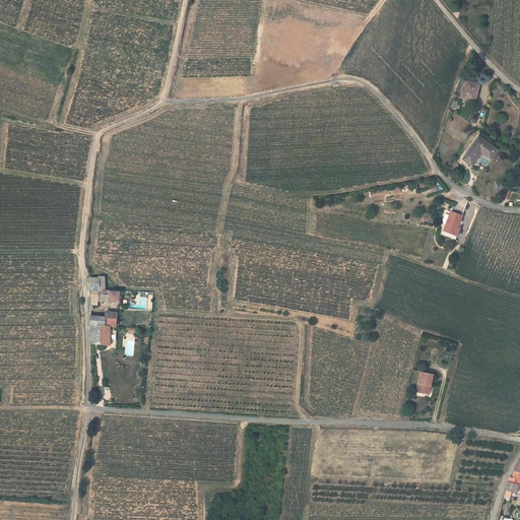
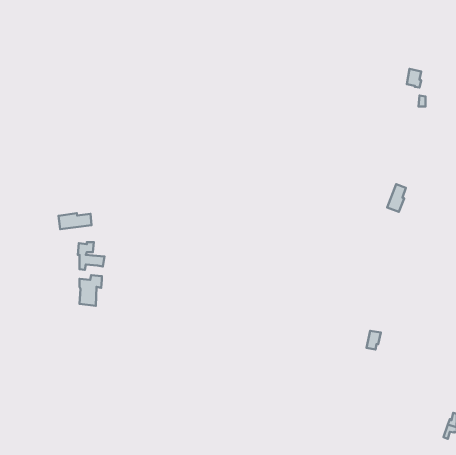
building: [463,134,498,162] -> none
building: none -> [58,213,92,229]

